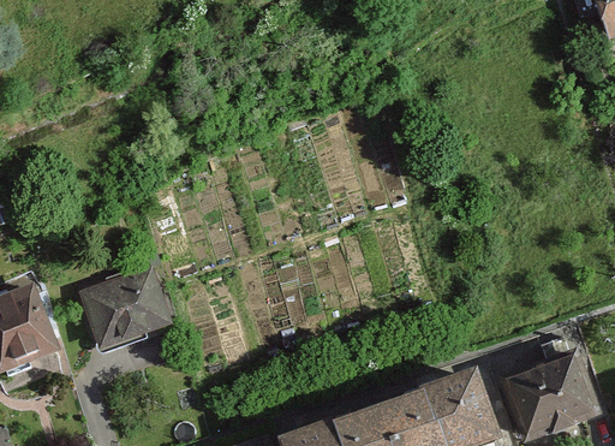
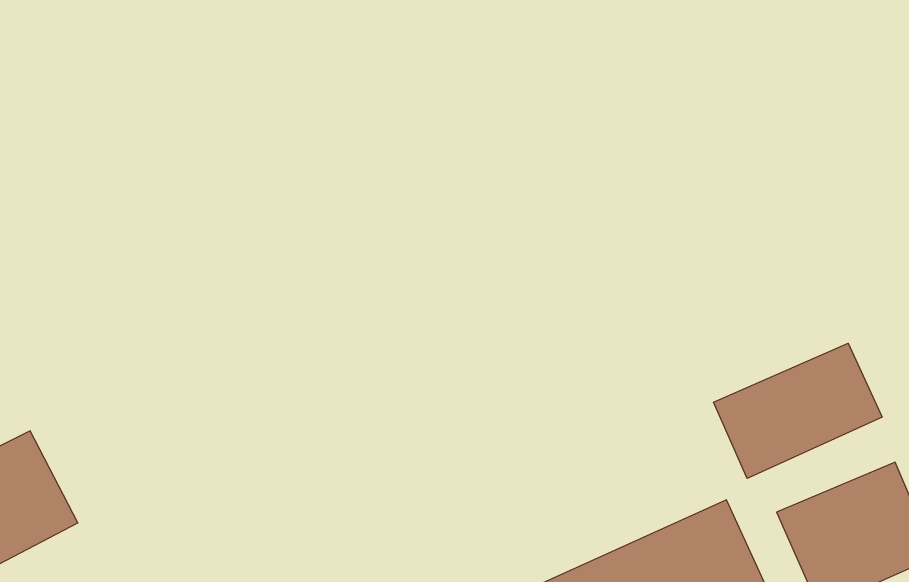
building: [79,268,173,351] -> none
building: none -> [714,343,882,478]

